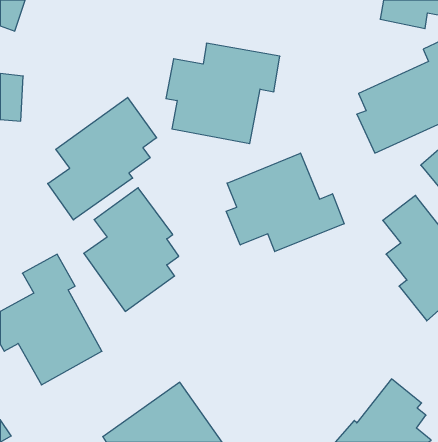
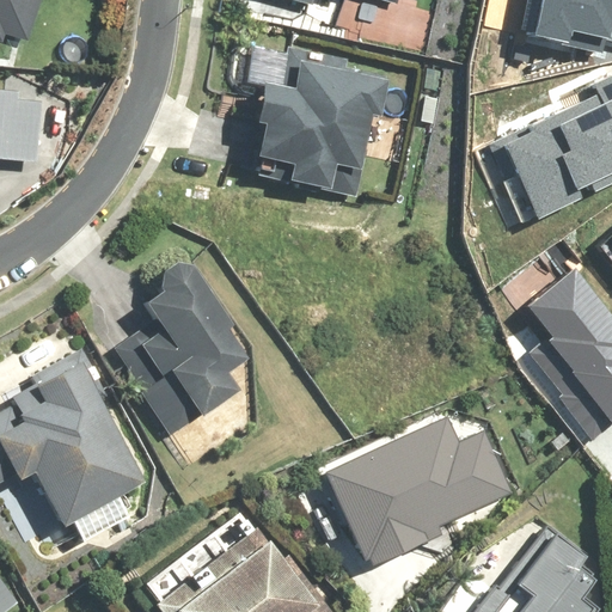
building: [48,97,157,220] -> none
building: [226,153,344,252] -> none
building: none -> [322,423,513,563]

